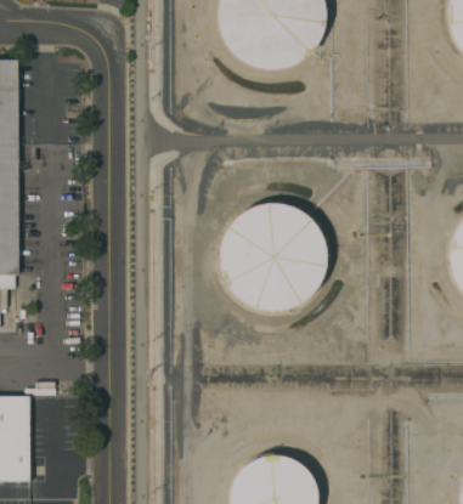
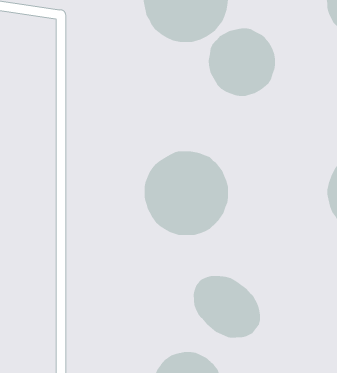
building: none -> [208,28,276,97]
building: none -> [193,275,261,339]

